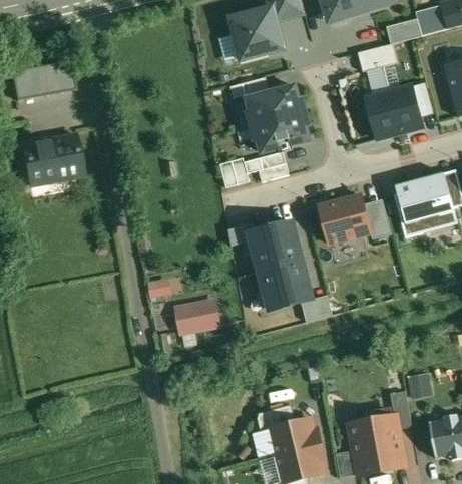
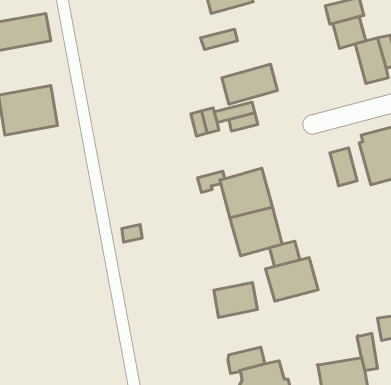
building: [243,85,301,126] -> none
building: [365,91,399,138] -> none
building: [318,194,370,244] -> none
building: [173,298,218,334] -> [214,282,258,317]
building: none -> [266,257,318,301]

